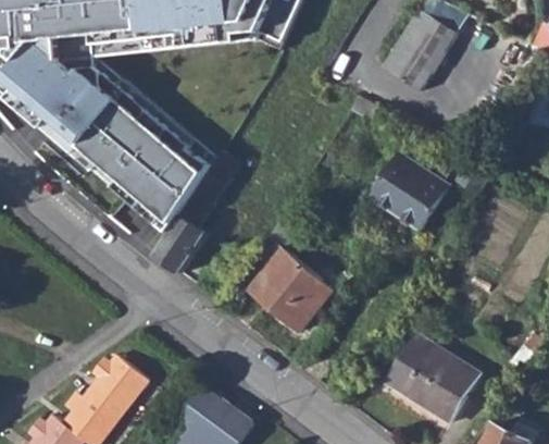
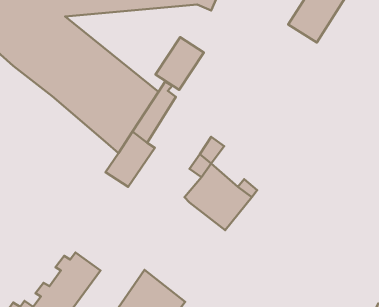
building: none -> [156,37,204,90]
building: [369,152,450,233] -> none
building: [386,332,478,421] -> none

